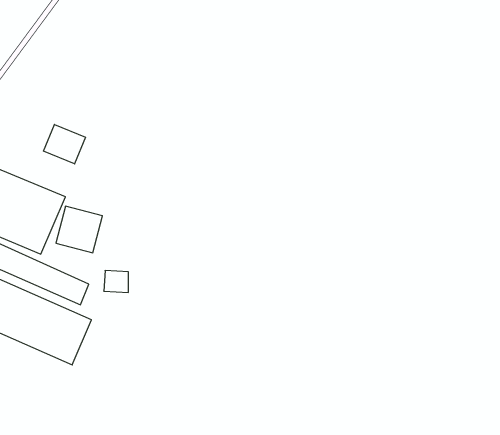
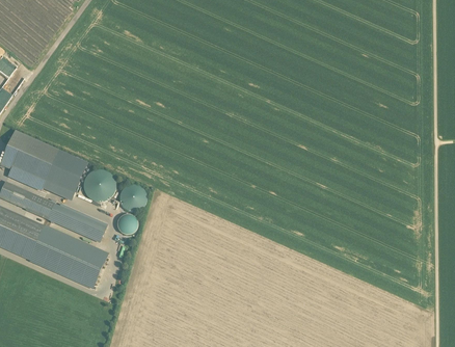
building: [43,124,86,164] -> none
building: none -> [117,183,146,211]

